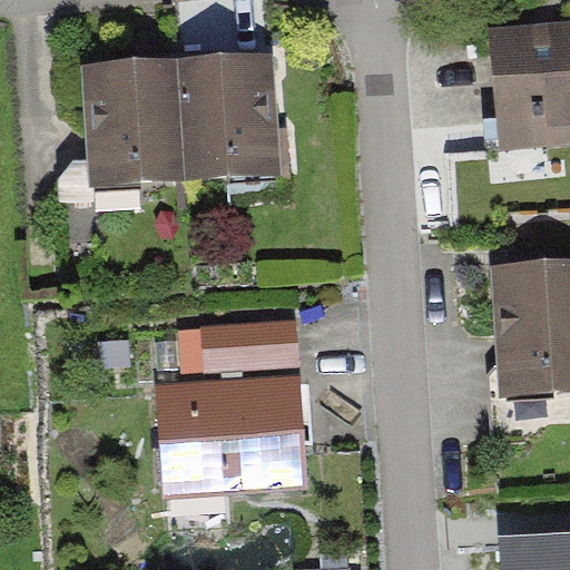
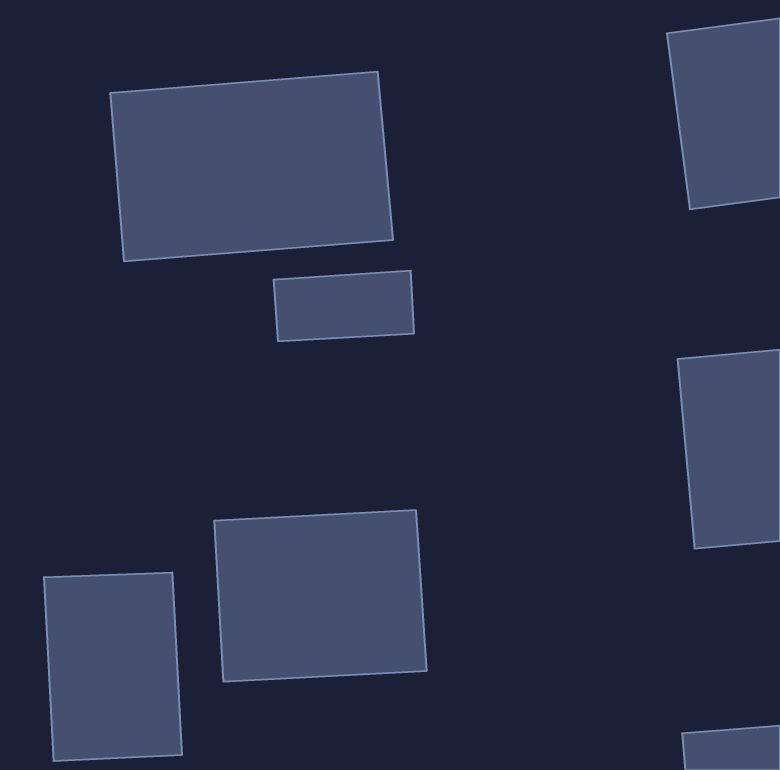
building: [198,312,301,363] -> [273,271,414,341]
building: none -> [44,572,182,761]

